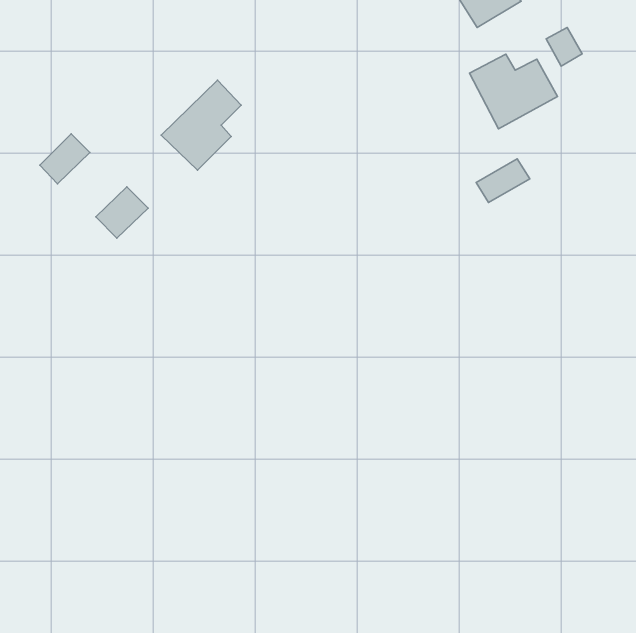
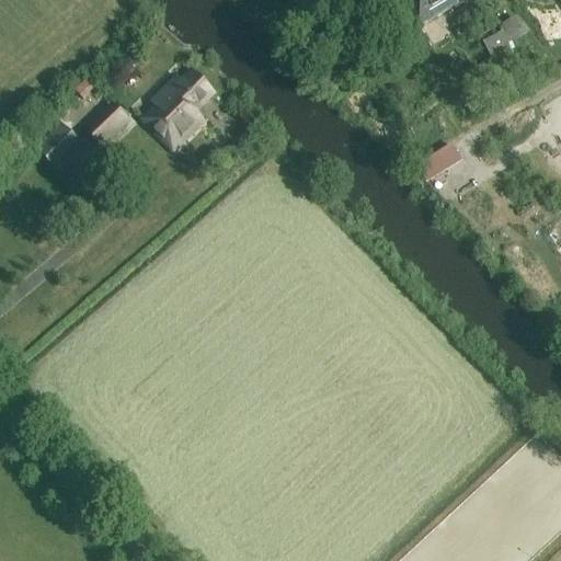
building: [470,54,558,129] -> none
building: [96,187,148,238] -> [85,101,131,146]

